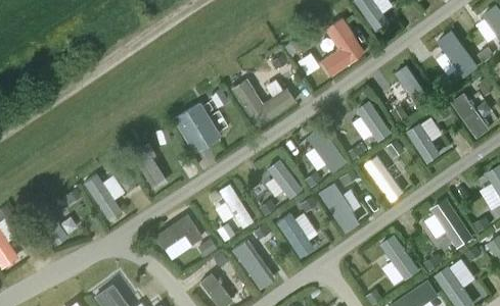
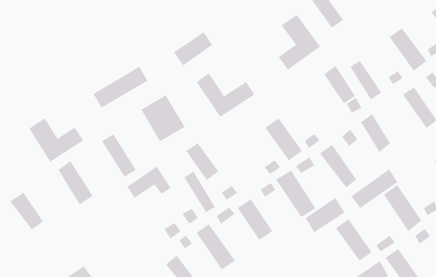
building: none -> [173,32,213,66]
building: none -> [93,66,148,108]
building: [357,100,392,142] -> [323,65,356,104]
building: none -> [28,117,84,163]
building: [266,159,302,200] -> [186,142,219,181]
building: none -> [351,168,398,209]
building: none -> [305,197,345,233]
building: [153,214,201,249] -> [127,166,172,198]

